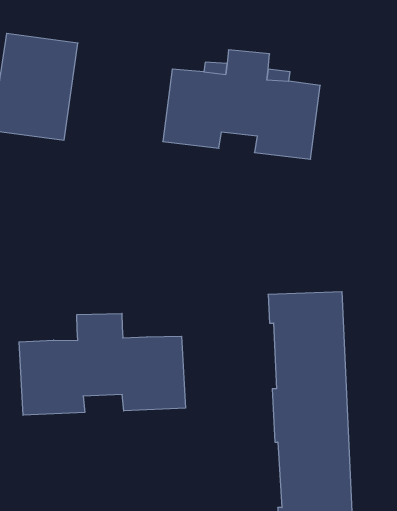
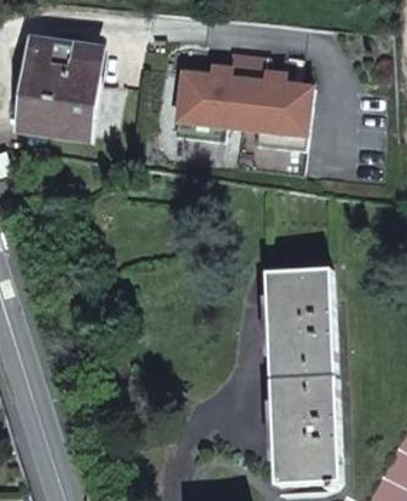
building: [19,313,185,415] -> none

